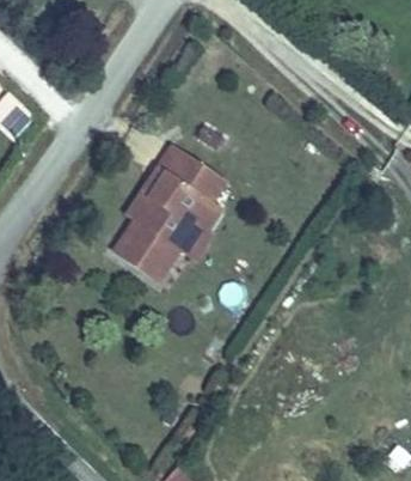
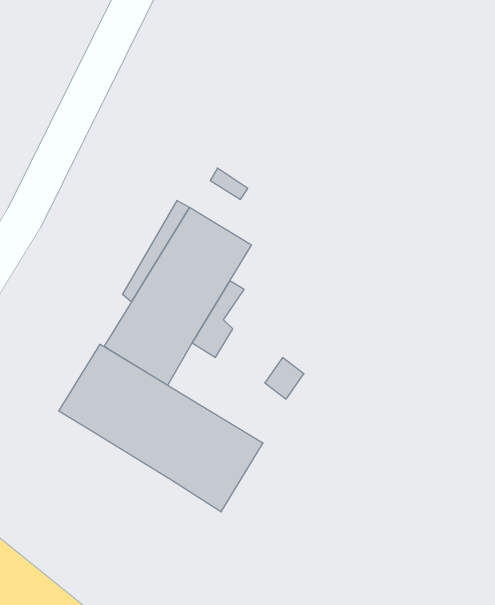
building: none -> [59,344,263,512]

